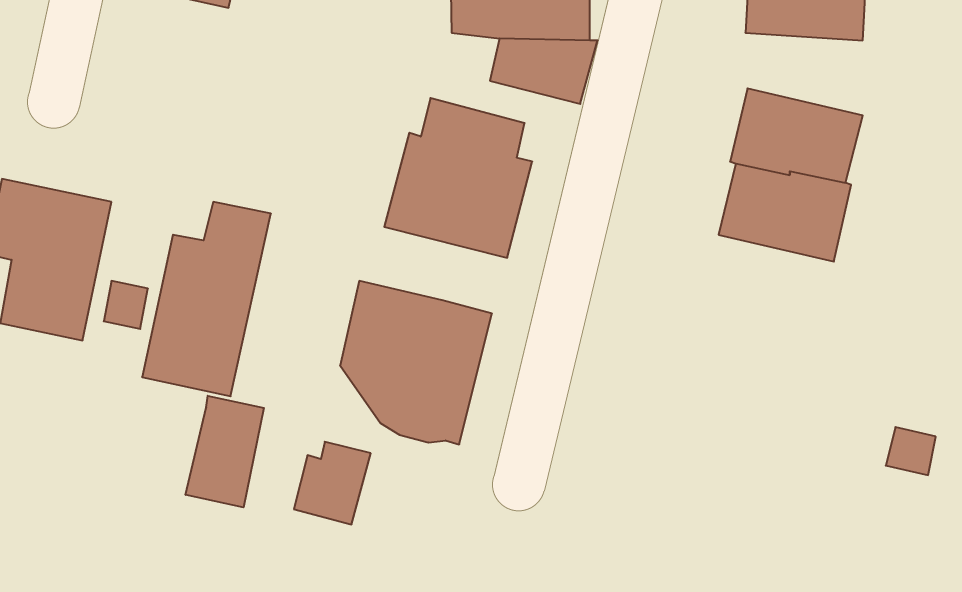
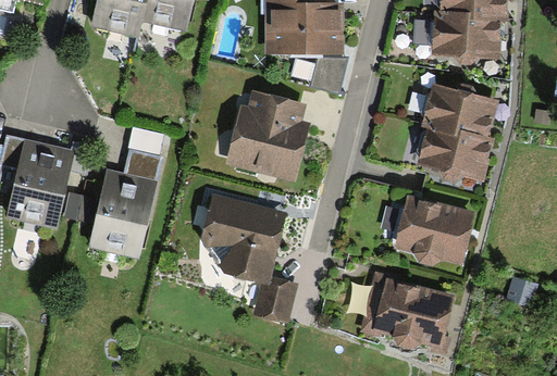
building: none -> [394,195,473,266]
building: [186,396,264,507] -> none
building: none -> [359,272,454,350]
building: [294,442,371,524] -> [252,275,296,322]

